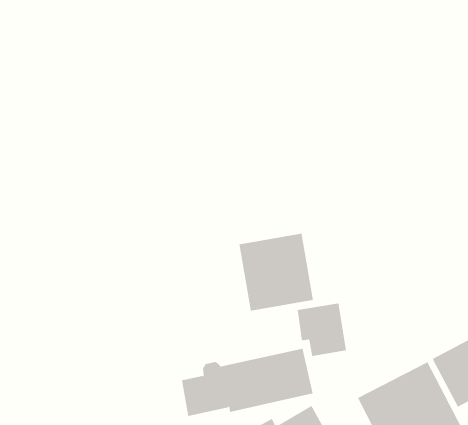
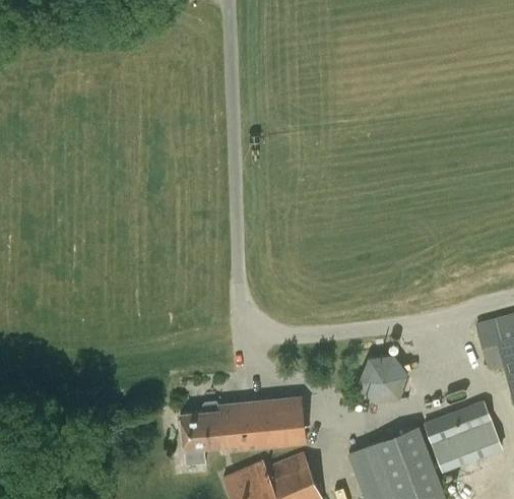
building: [239,233,313,311] -> none
building: [297,303,347,357] -> [360,354,403,402]

